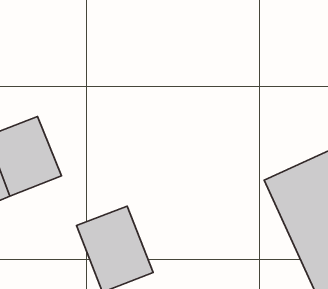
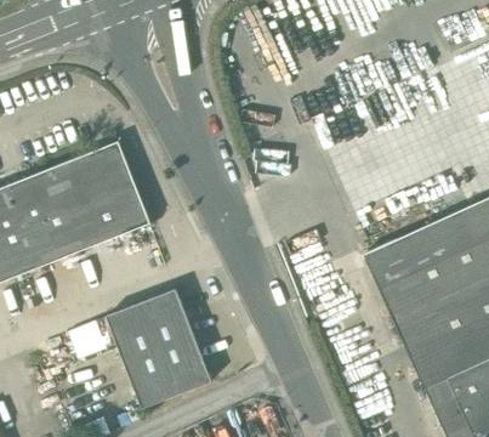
building: none -> [53,142,150,249]

